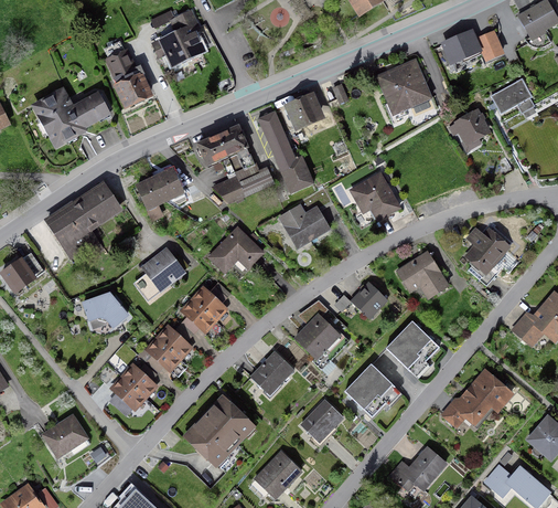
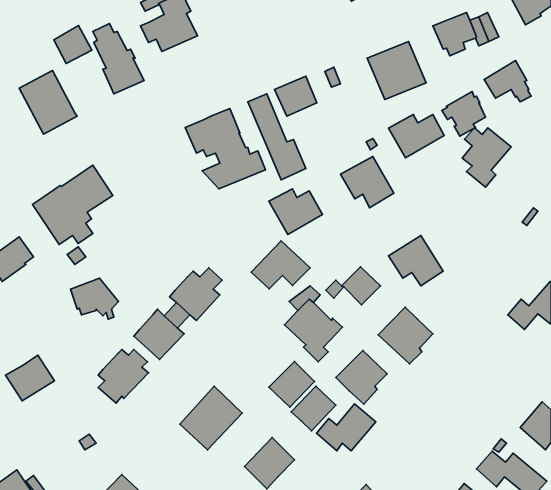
building: [74,91,111,128] -> [54,25,92,63]
building: none -> [388,115,444,158]
building: [135,167,185,221] -> none
building: [207,225,266,273] -> [251,241,310,289]
building: [463,226,512,285] -> [462,128,511,187]
building: [133,246,190,300] -> none
building: [249,350,294,395] -> [269,362,314,407]
building: [440,368,515,428] -> none
building: [41,413,89,458] -> [5,355,54,401]
building: [389,445,448,491] -> [317,404,376,451]

